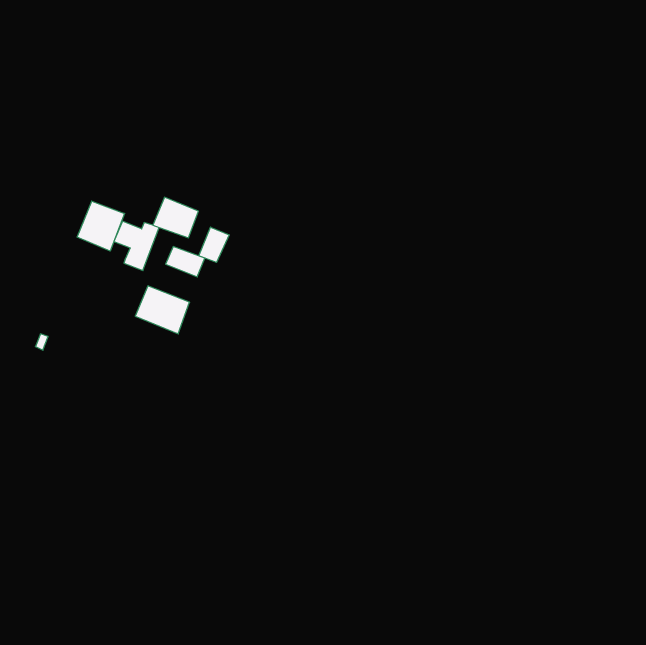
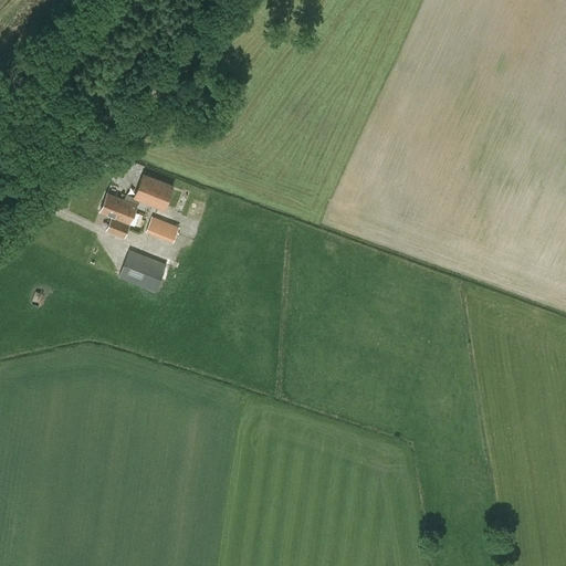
building: [77,201,125,251] -> none
building: [199,227,229,262] -> none

